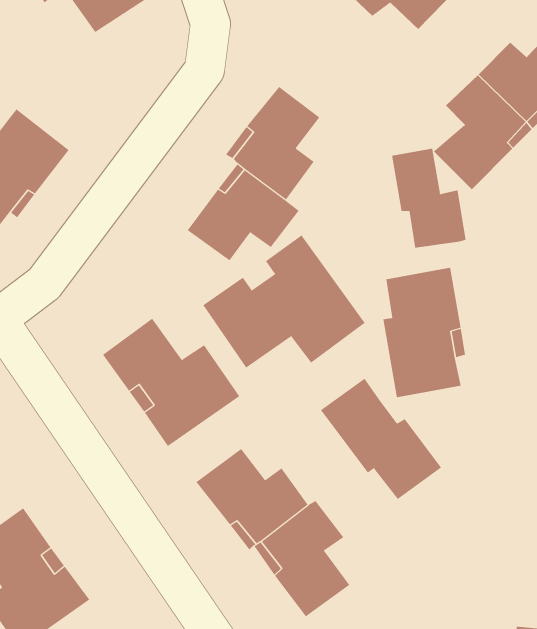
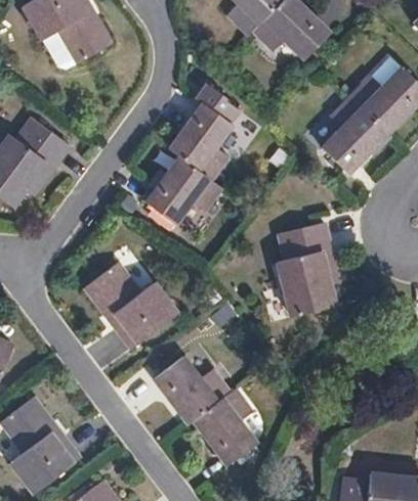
building: [392,148,466,248] -> none
building: [202,235,366,369] -> none
building: [320,378,442,500] -> none

